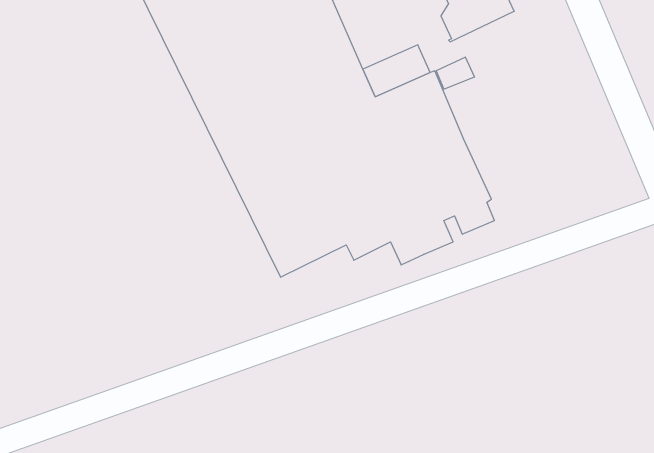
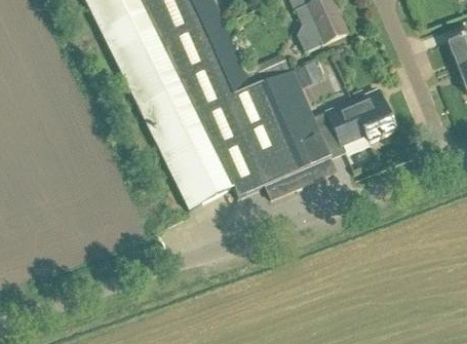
building: none -> [312,88,394,156]

